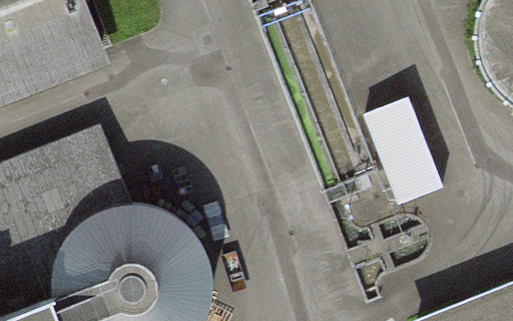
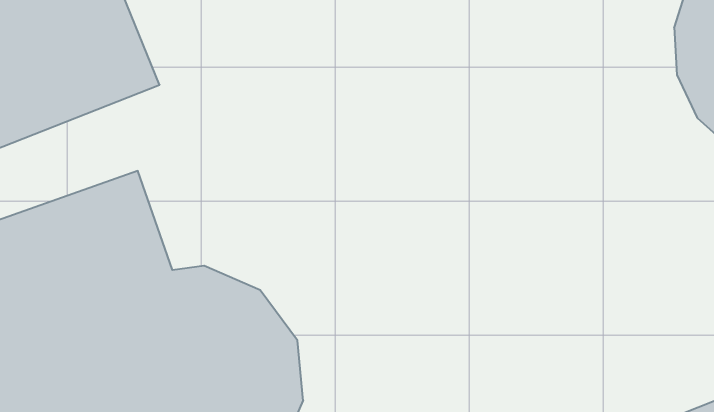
building: [363,97,443,197] -> none

